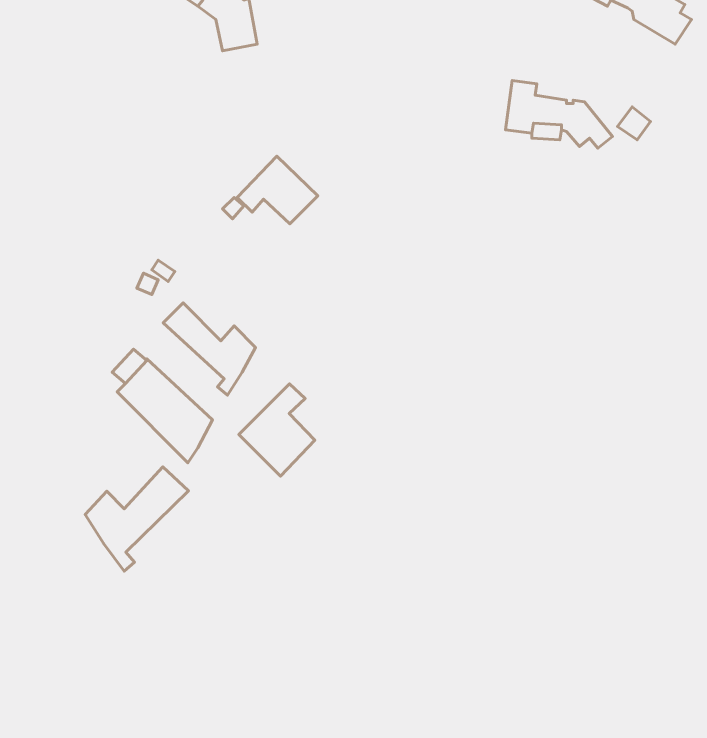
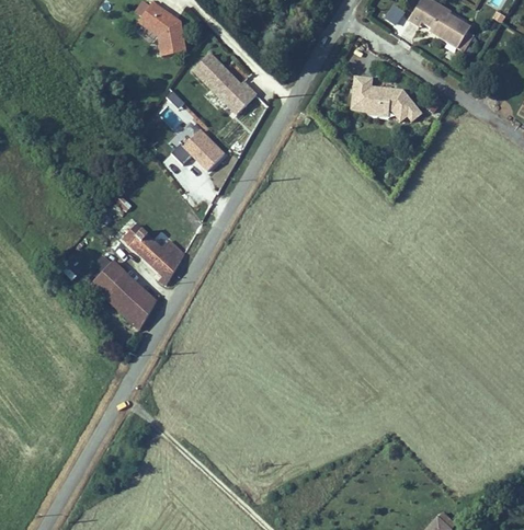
building: none -> [192,53,255,114]
building: [239,384,315,476] -> none
building: [85,467,188,571] -> none

